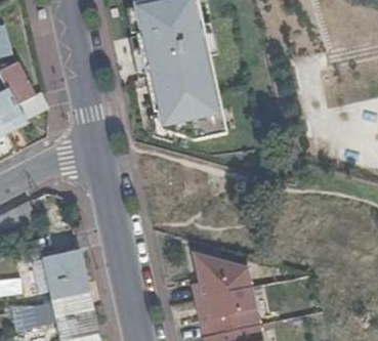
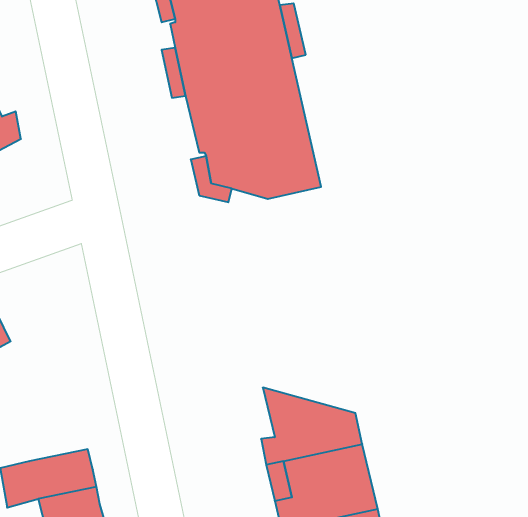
building: [44,249,87,296] -> none

